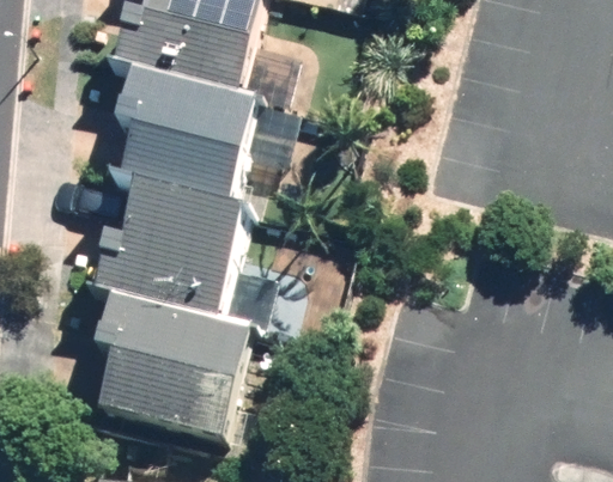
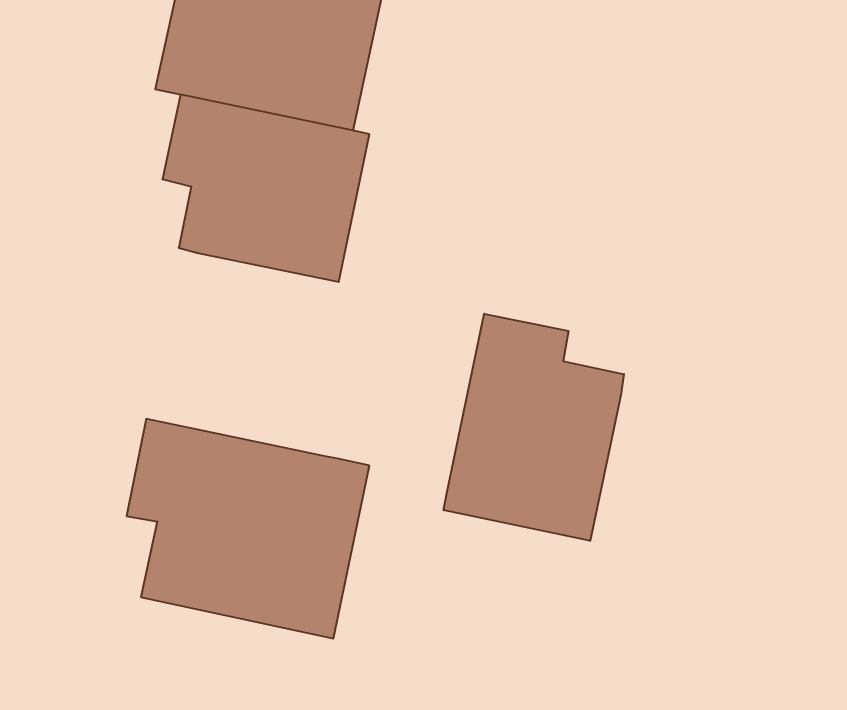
building: [90,178,245,313] -> none
building: none -> [444,314,624,541]

